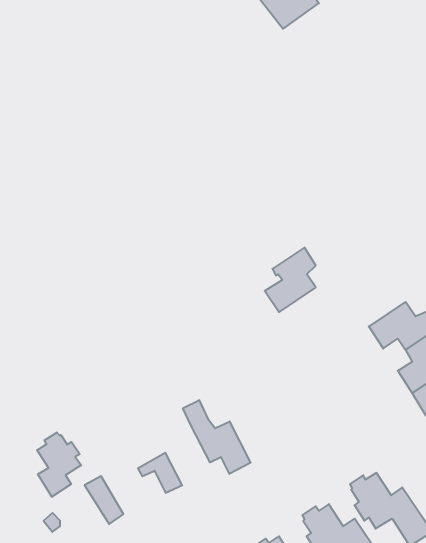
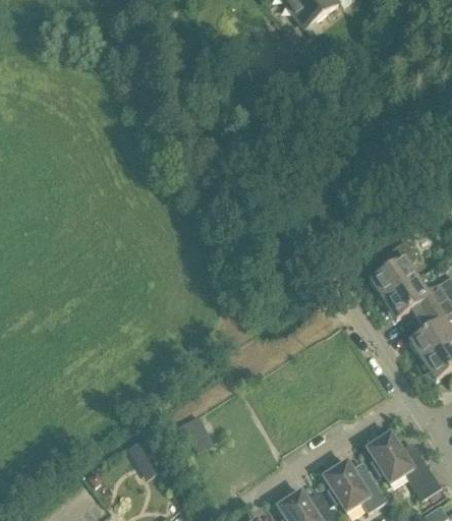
building: [265,248,316,312] -> [372,240,418,299]
building: [183,400,251,474] -> none
building: [37,432,81,497] -> none

